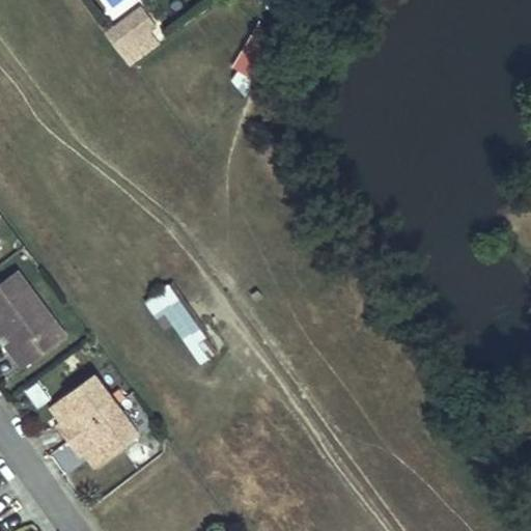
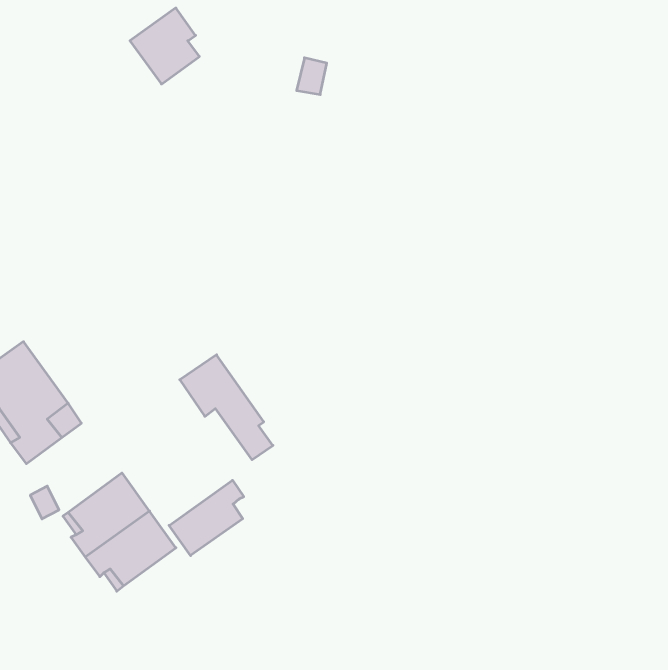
building: none -> [169,480,244,556]

